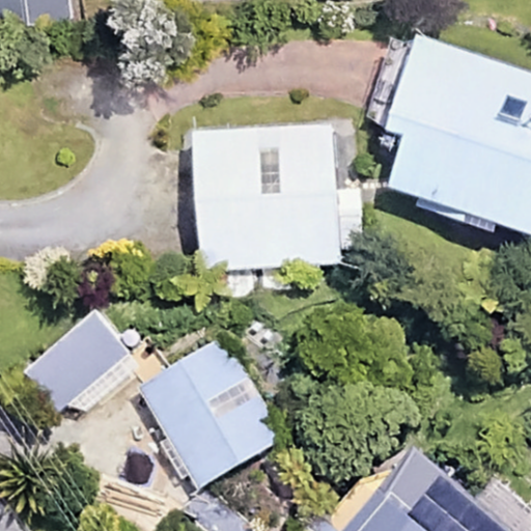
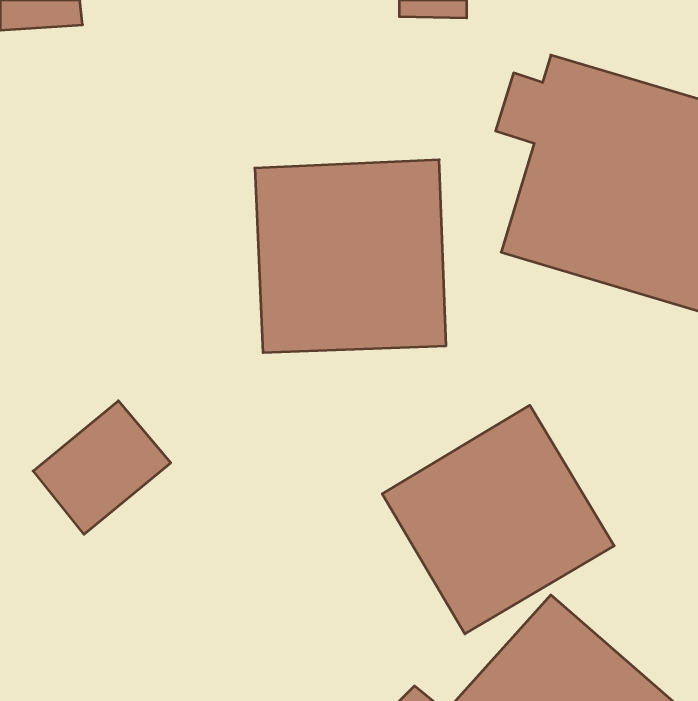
building: none -> [382,405,614,634]
building: [130,332,284,494] -> none

